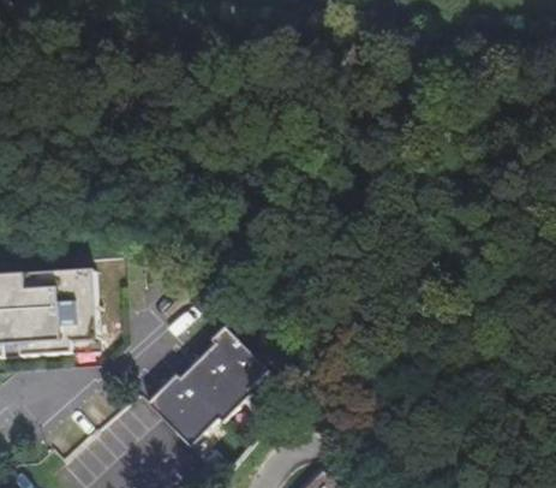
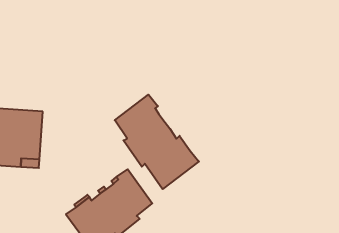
building: none -> [115,95,199,189]

